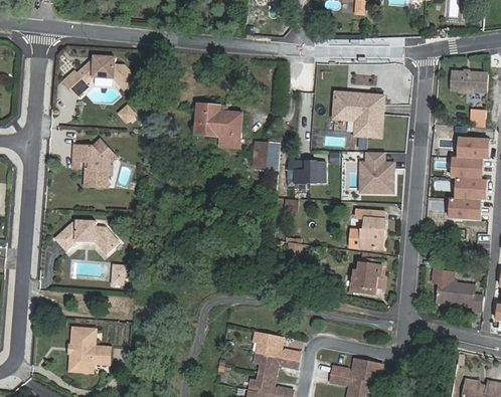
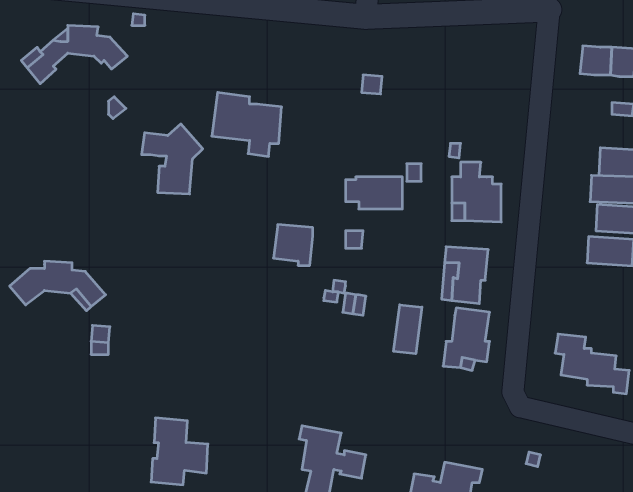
building: [332,91,382,137] -> none
building: [71,139,114,187] -> [142,124,203,194]
building: [252,142,279,170] -> [273,225,313,265]
building: none -> [394,305,422,354]
building: [70,328,110,374] -> [151,418,208,485]

